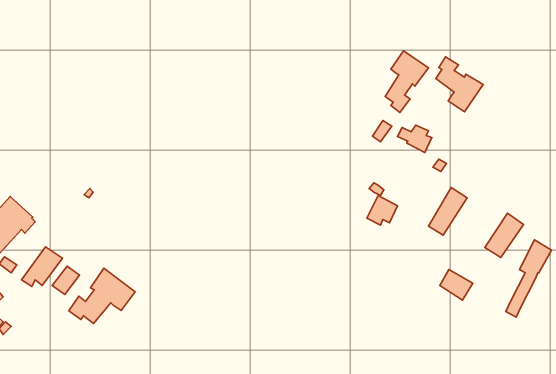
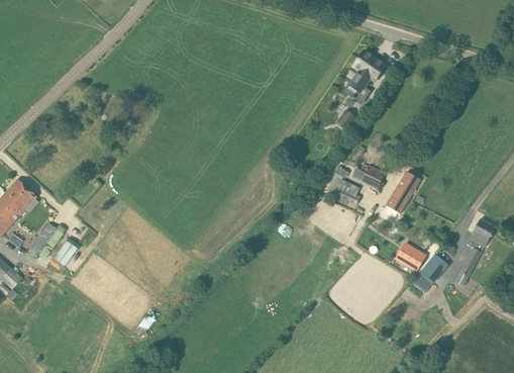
building: [436,57,483,112] -> none
building: [398,125,432,152] -> [352,164,383,188]
building: [485,213,524,258] -> [411,253,445,292]
building: [69,268,135,323] -> none

